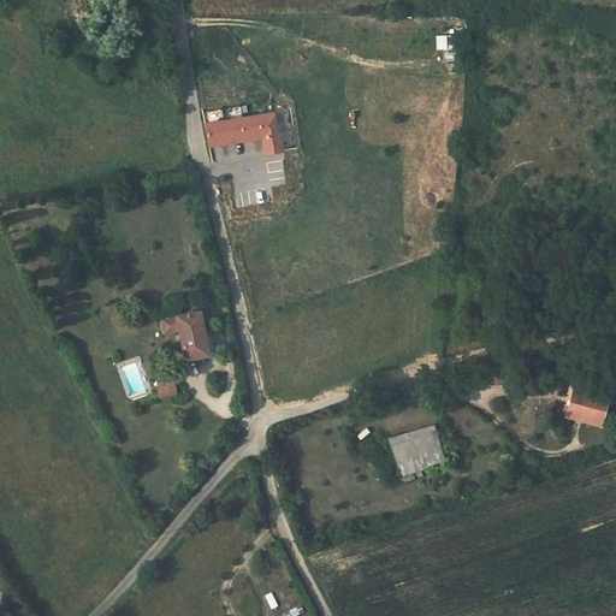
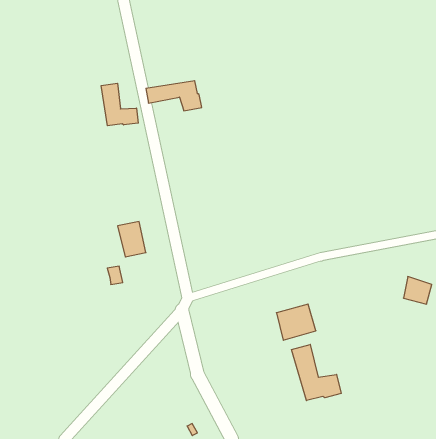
building: none -> [101,83,138,126]
building: none -> [292,344,341,401]

